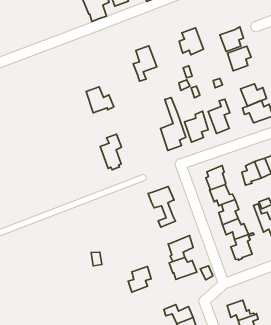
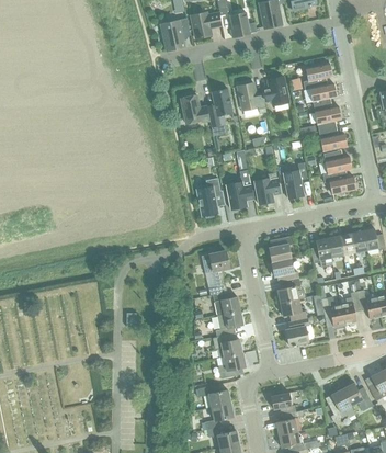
building: none -> [303,63,332,89]
building: none -> [237,82,266,112]
building: none -> [318,127,347,150]
building: [86,87,114,113] -> [181,94,209,123]
building: [100,134,121,170] -> [196,178,220,217]
building: none -> [213,290,240,315]
building: [128,267,151,292] -> [218,352,245,378]

